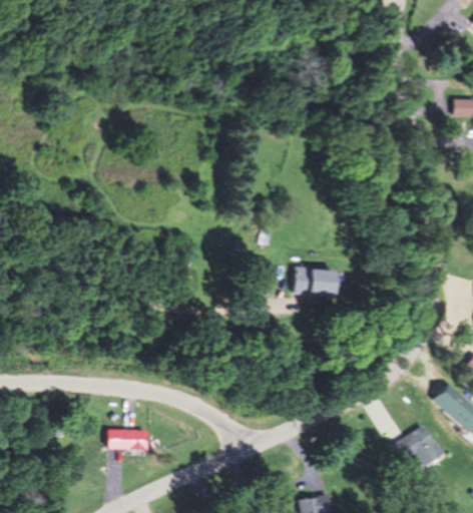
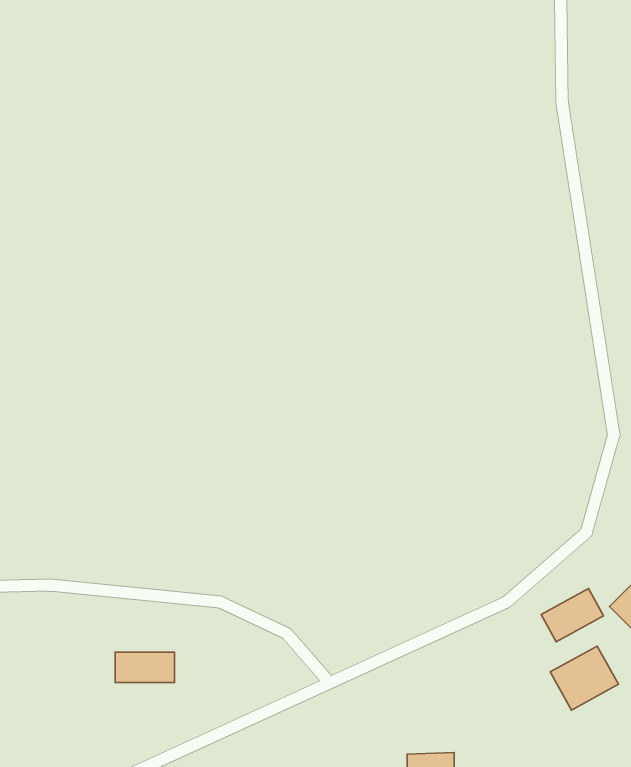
building: [294,268,332,295] -> none
building: none -> [541,588,604,642]

